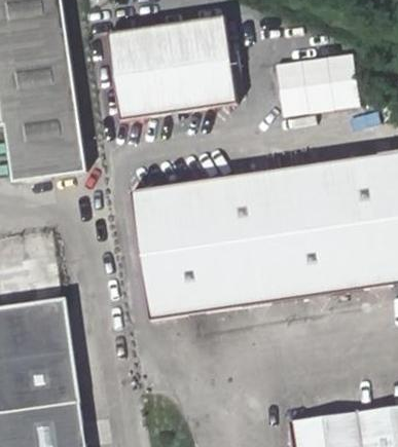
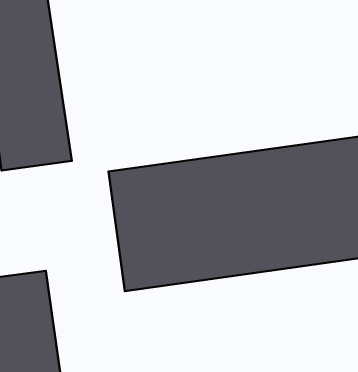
building: [106,14,236,119] -> none
building: [272,54,354,111] -> none

